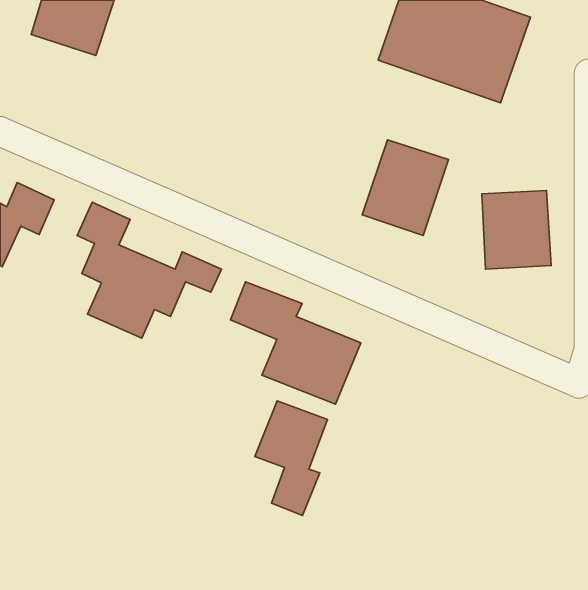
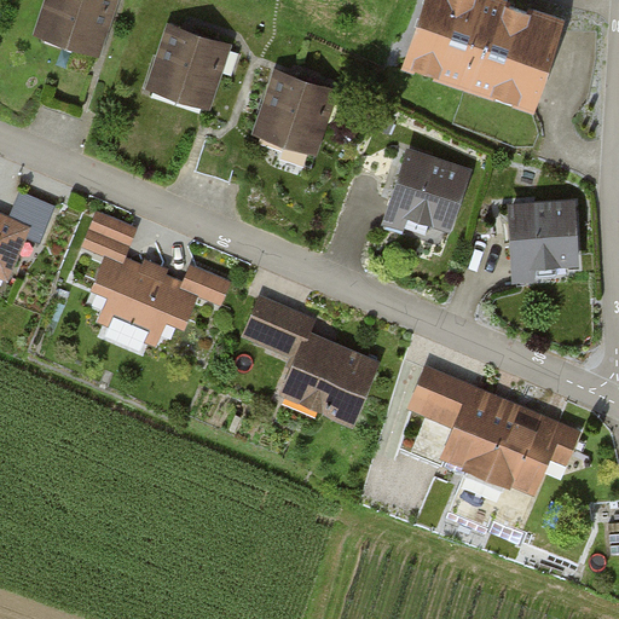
building: none -> [146,24,233,114]
building: none -> [254,70,341,157]
building: none -> [406,364,583,490]
building: [255,401,328,515] -> none

